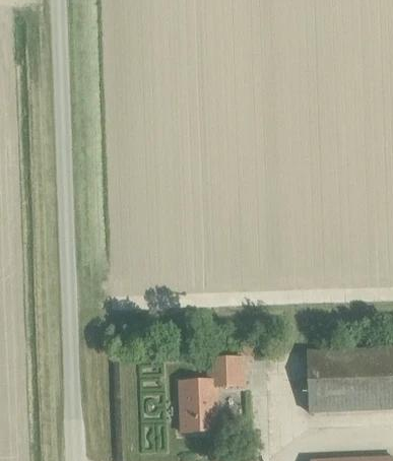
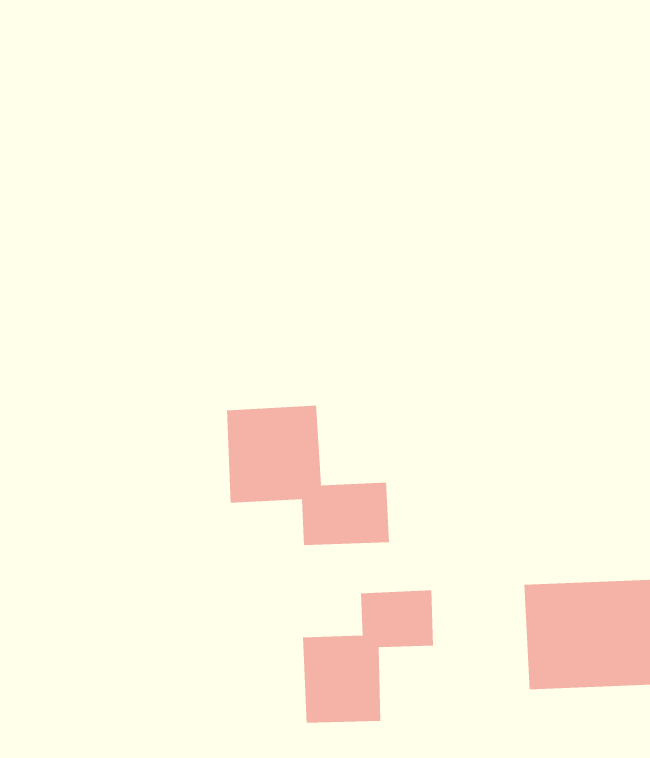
building: none -> [226,405,390,546]

